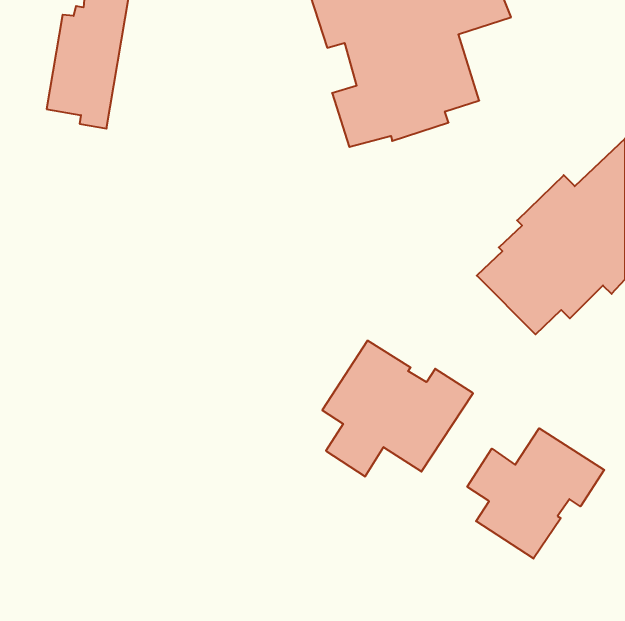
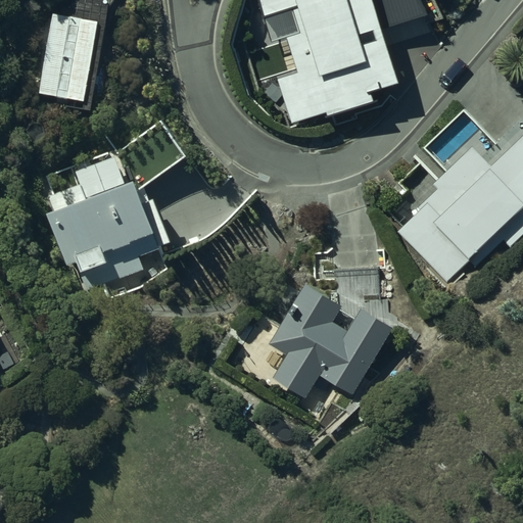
building: none -> [46,154,176,286]
building: [467,428,604,559] -> none

